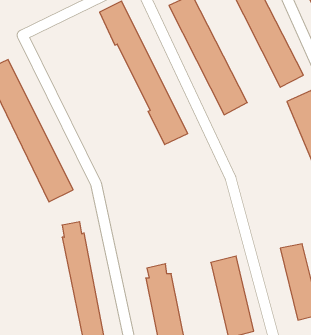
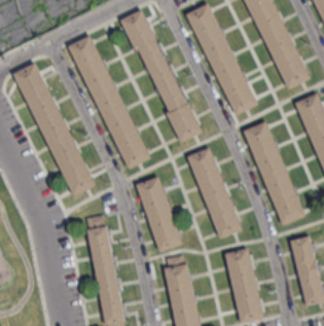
building: none -> [67,35,150,168]
building: none -> [243,121,304,224]
building: none -> [187,147,242,239]
building: none -> [136,176,182,252]

